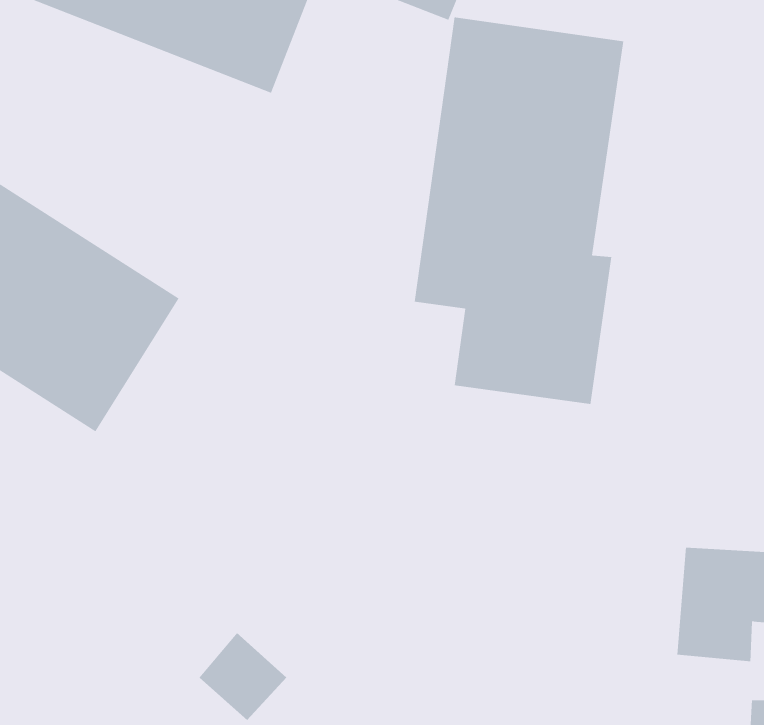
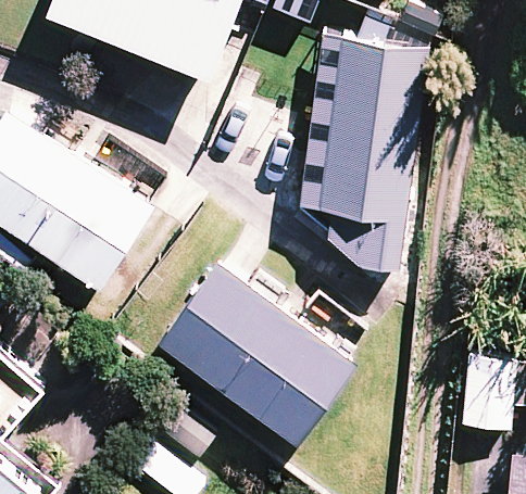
building: none -> [159,265,353,444]

